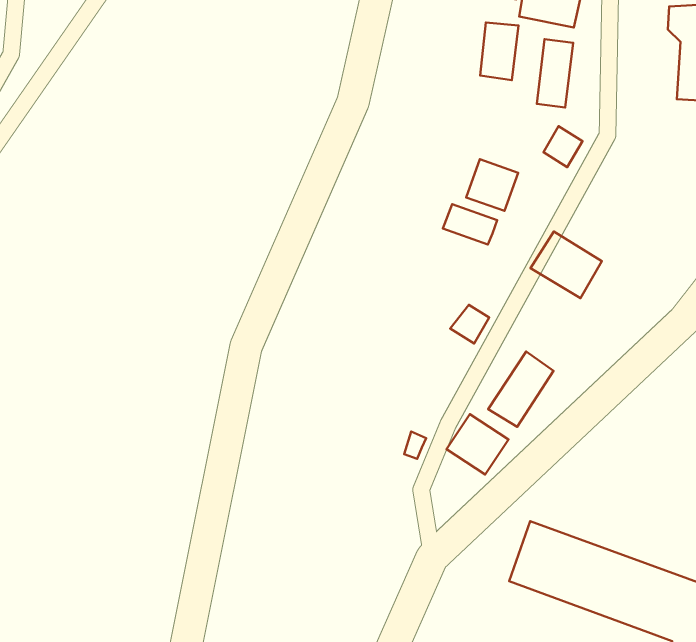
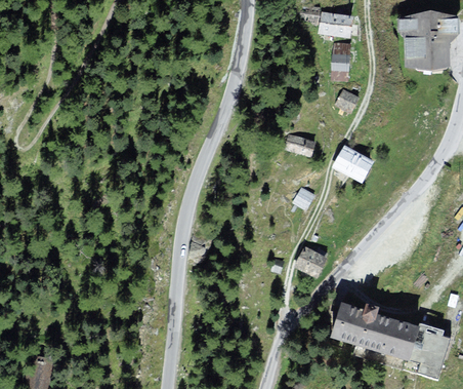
building: [480,22,518,80] -> none
building: [466,159,518,211] -> none
building: [488,351,554,427] -> none

